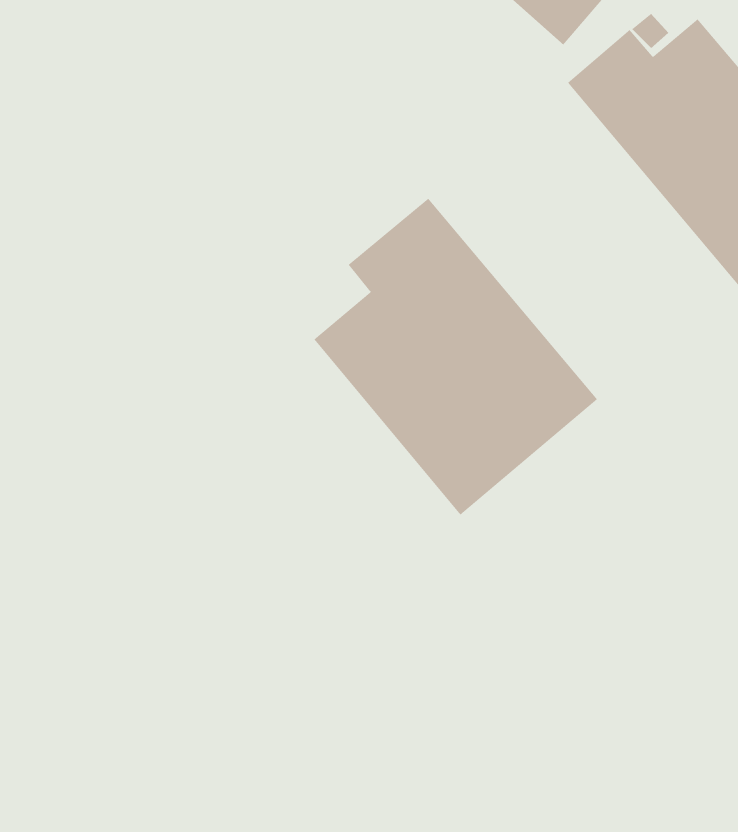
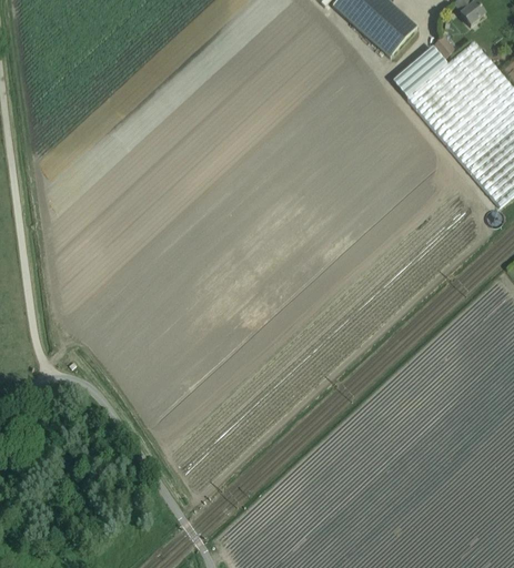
building: [314,198,598,516] -> none

